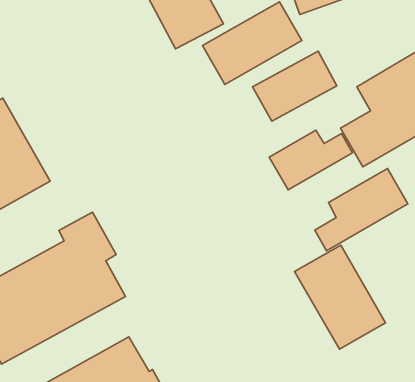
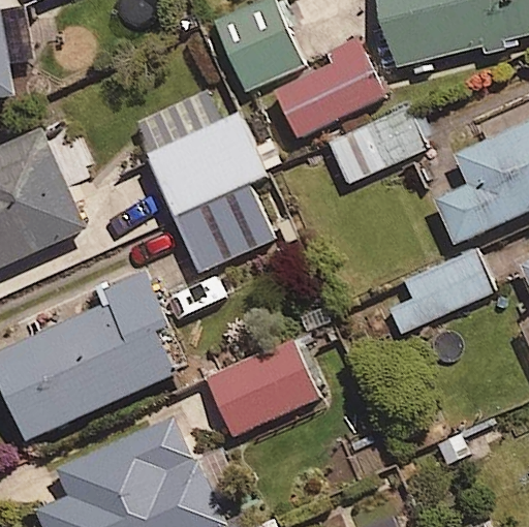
building: none -> [132,85,280,277]
building: [269,130,353,190] -> none
building: [295,245,386,349] -> none
building: none -> [212,341,323,436]

